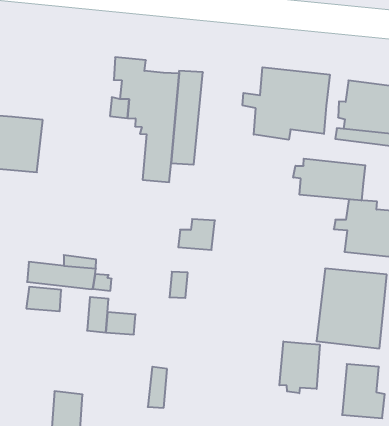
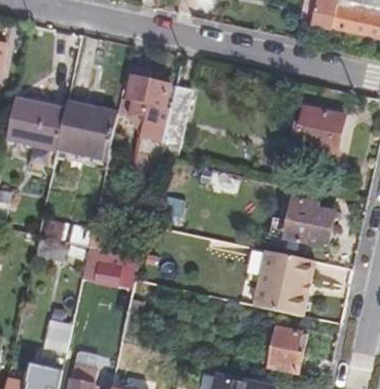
building: [243,67,330,140] -> none
building: none -> [54,102,115,160]
building: [293,159,365,201] -> none
building: [279,341,320,393] -> none

